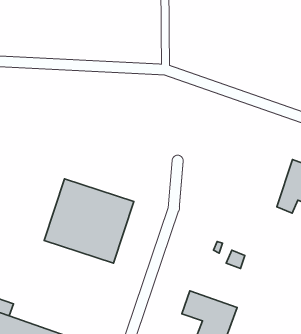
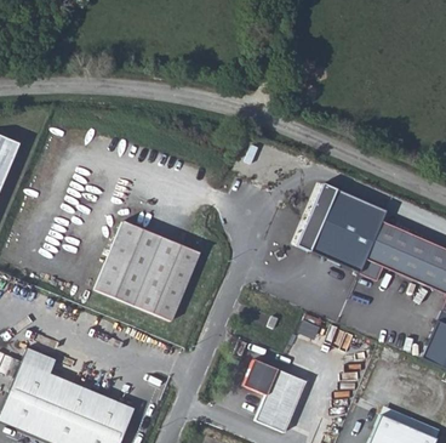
building: none -> [293,182,387,272]

